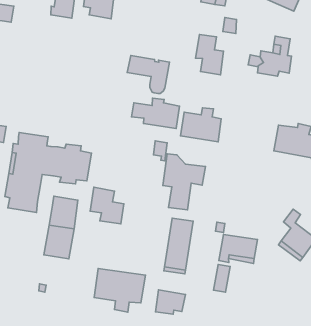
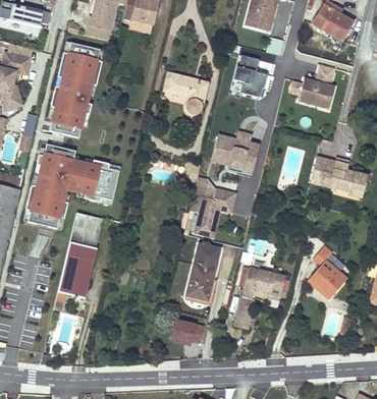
building: none -> [49,41,102,136]
building: [132,98,180,129] -> none
building: [90,187,124,224] -> none
building: none -> [57,272,87,298]
building: [94,268,145,312] -> none

